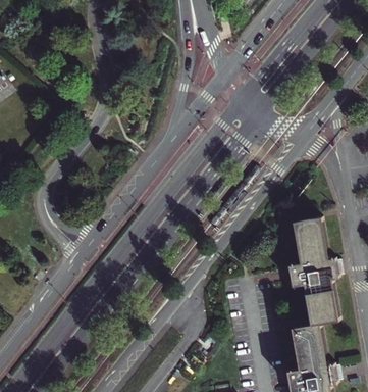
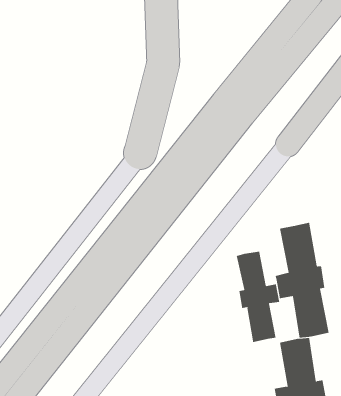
building: none -> [236,251,280,343]

